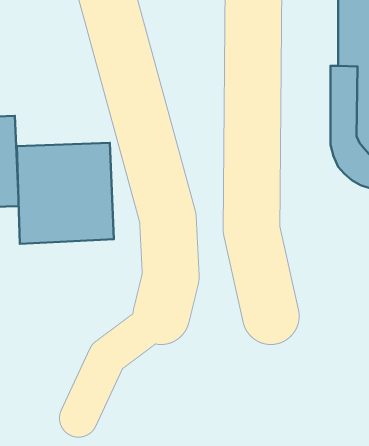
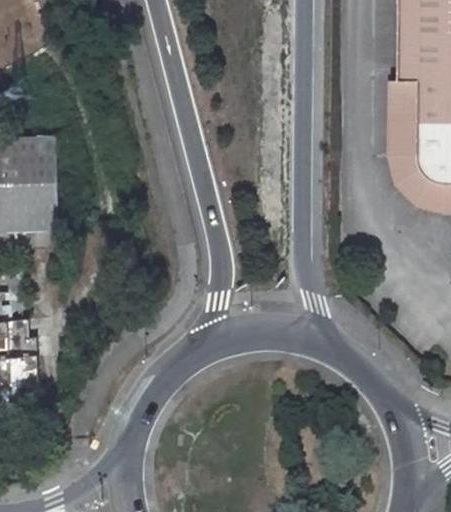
building: [17,143,114,244] -> none

